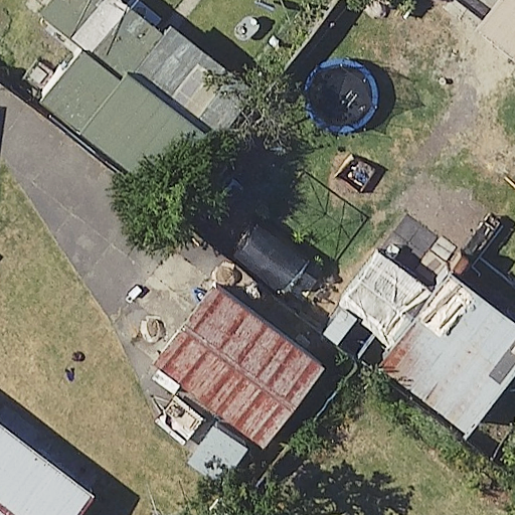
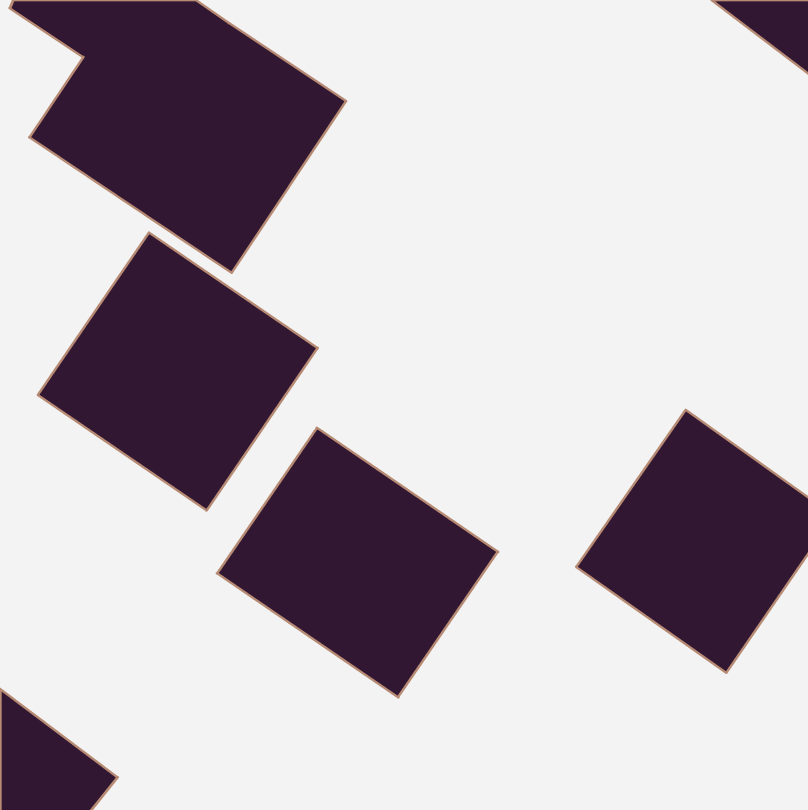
building: none -> [38,233,318,510]

